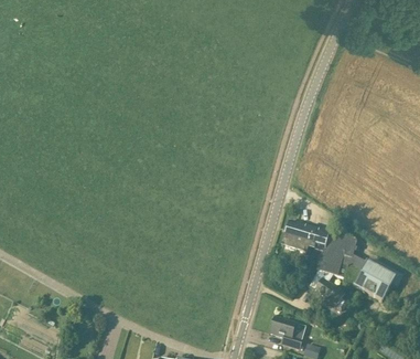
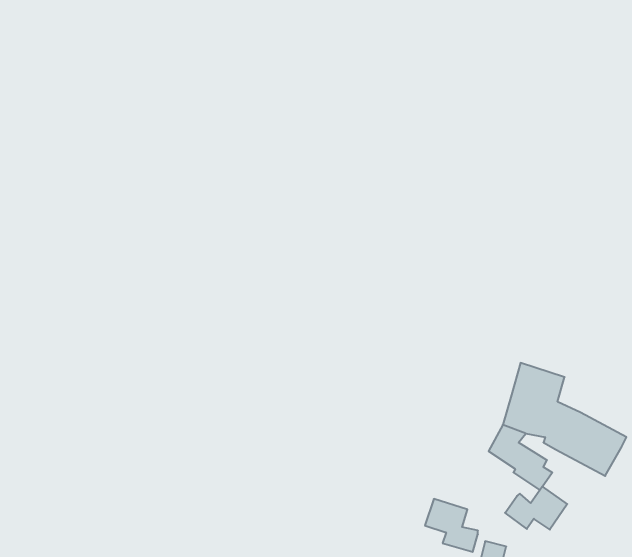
building: [283,220,330,252] -> none
building: none -> [505,487,567,530]

